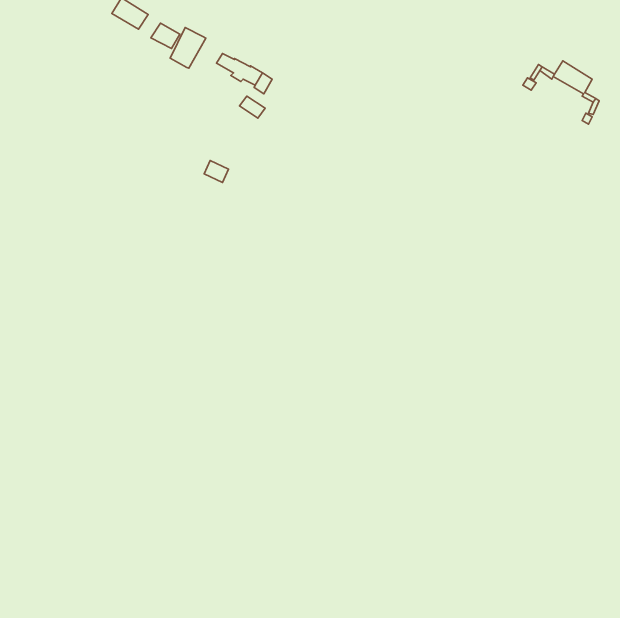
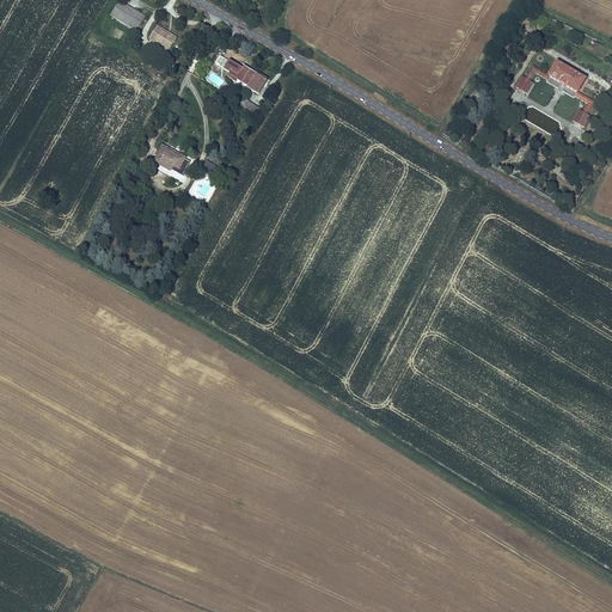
building: [170,27,206,68] -> none
building: none -> [154,142,191,173]

